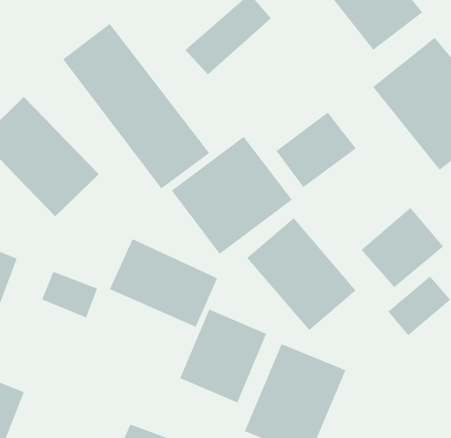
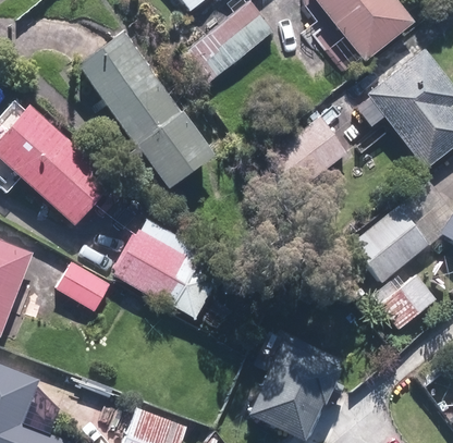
building: [171,136,293,255] -> none
building: [246,217,357,331] -> none
building: [179,308,267,404] -> none

